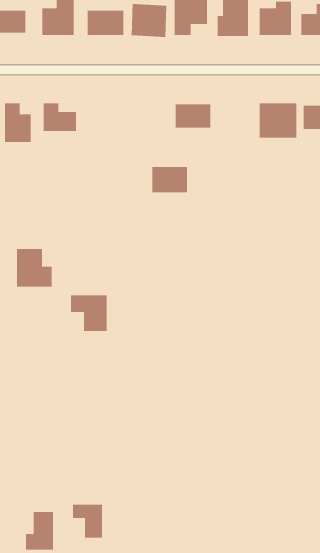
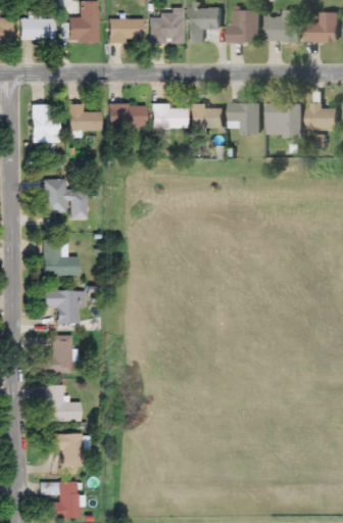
building: none -> [109,103,145,127]
building: none -> [231,103,262,135]
building: [151,166,188,193] -> [153,103,187,128]
building: none -> [43,179,86,219]
building: [70,295,108,331] -> [44,289,79,323]
building: none -> [40,335,74,373]
building: none -> [46,384,82,422]
building: [72,504,103,538] -> [52,436,81,468]

